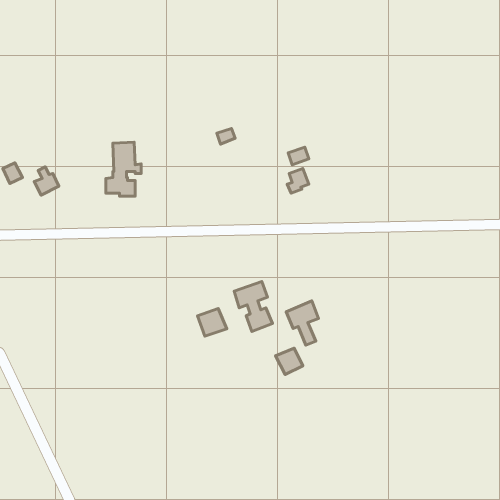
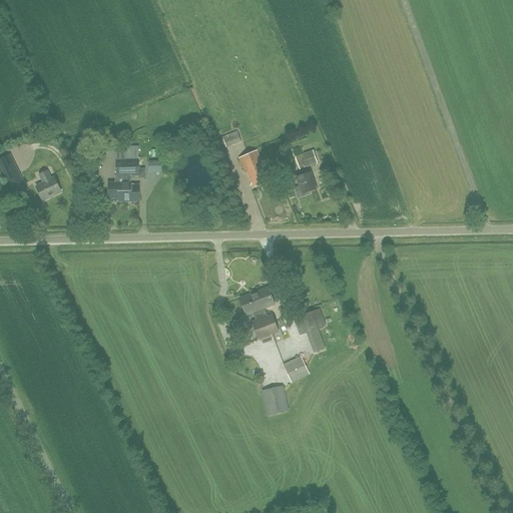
building: none -> [238,149,267,186]
building: [198,309,227,336] -> none
building: none -> [262,386,288,415]

